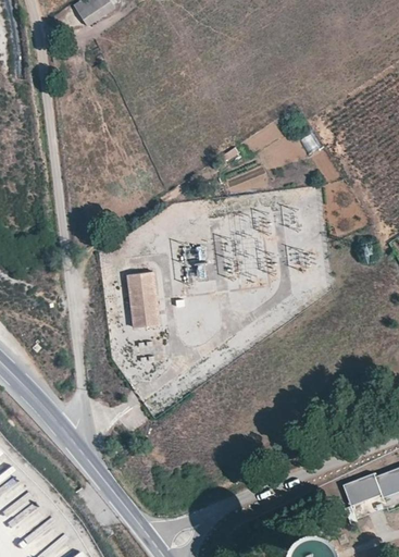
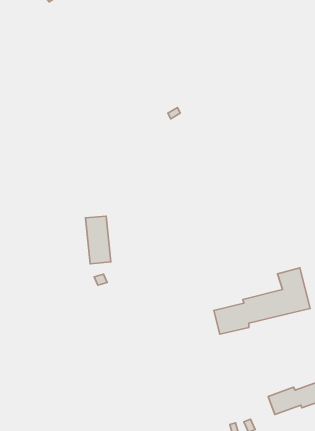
building: none -> [214,268,310,334]

